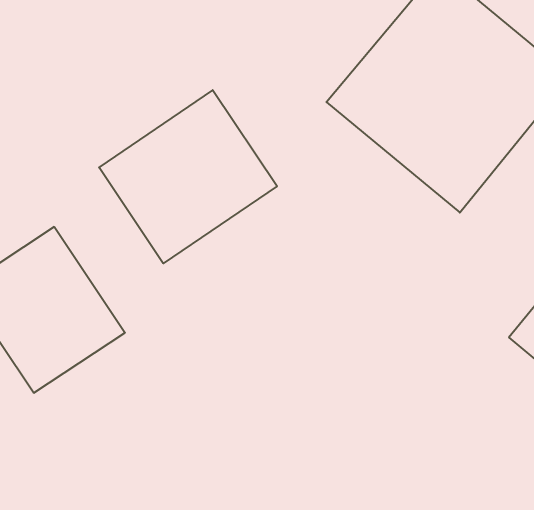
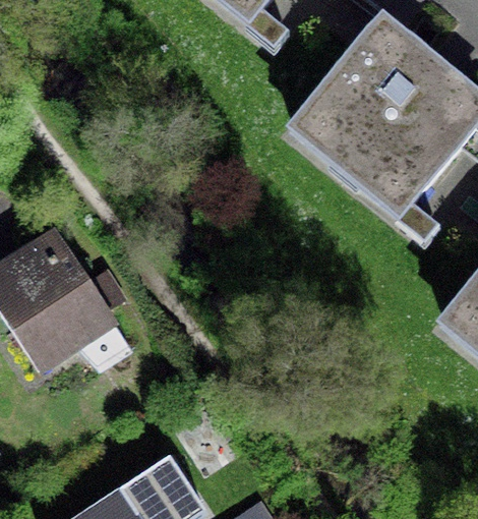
building: [99,90,277,263] -> none

